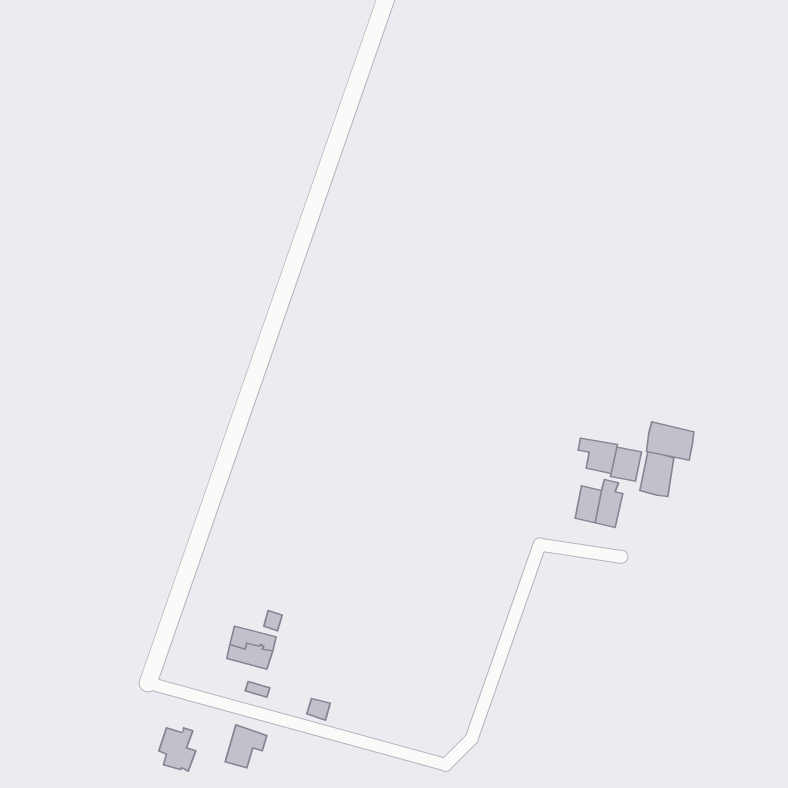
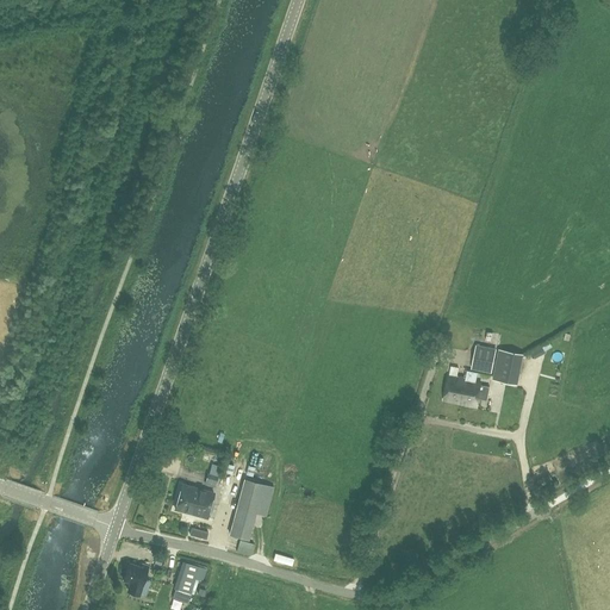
building: [647,422,694,460] -> none
building: [578,438,617,473] -> none
building: none -> [229,478,274,540]

